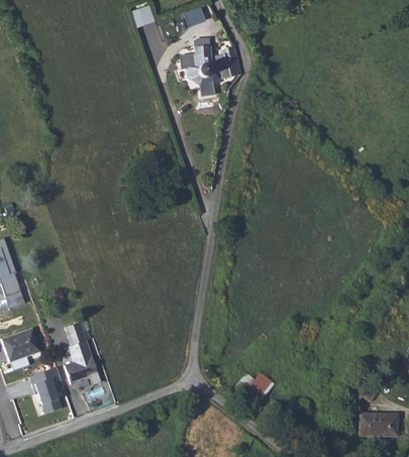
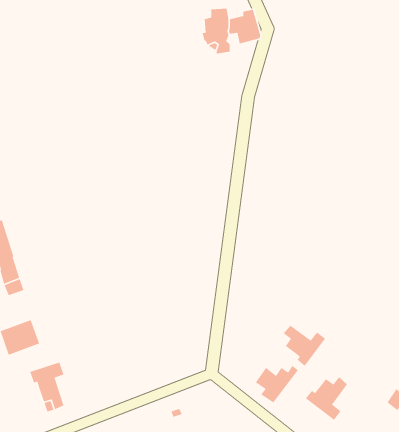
building: [64,322,100,384] -> none
building: none -> [283,325,326,367]
building: none -> [305,376,348,421]

